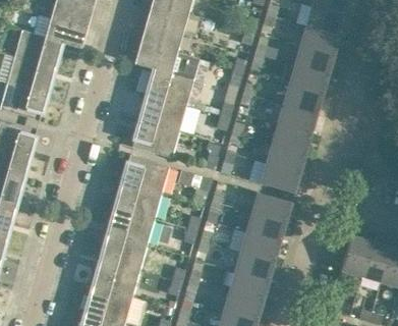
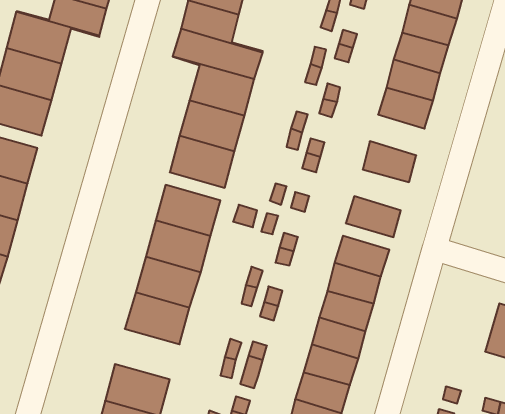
building: [276,105,316,134] -> none
building: [265,145,304,174] -> none
building: [340,235,369,276] -> none
building: [92,260,138,296] -> none

